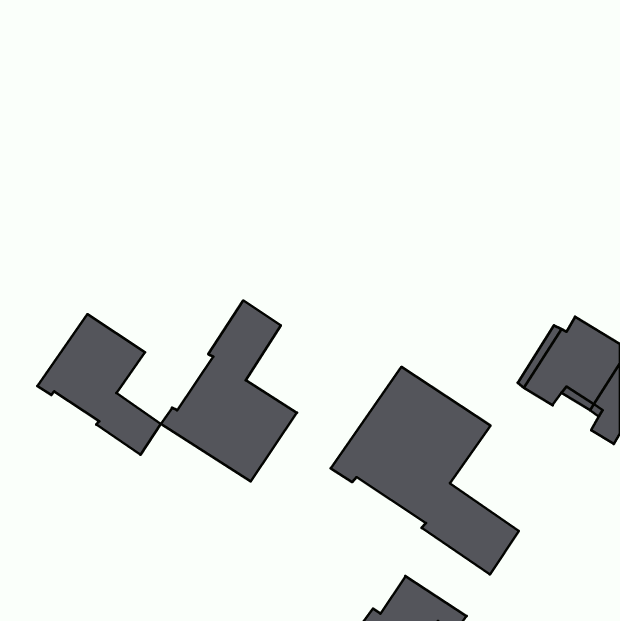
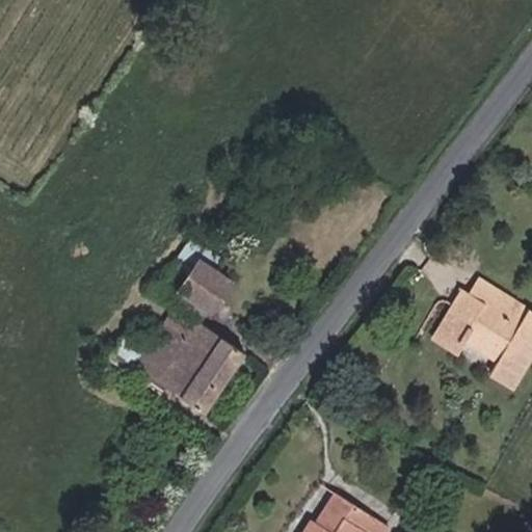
building: [37,314,161,455] -> none
building: [331,367,519,574] -> none

